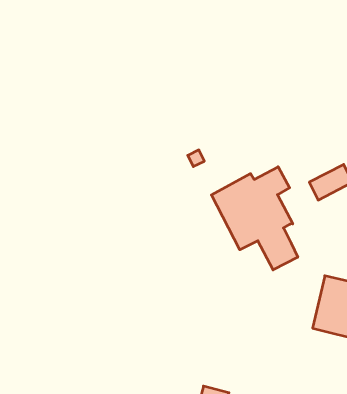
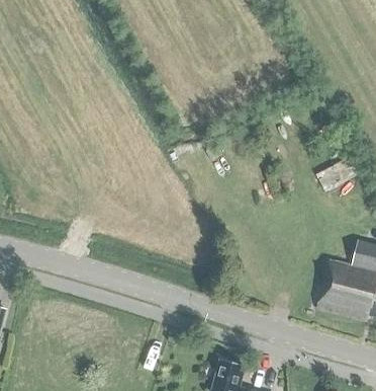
building: [211,167,298,270] -> none

